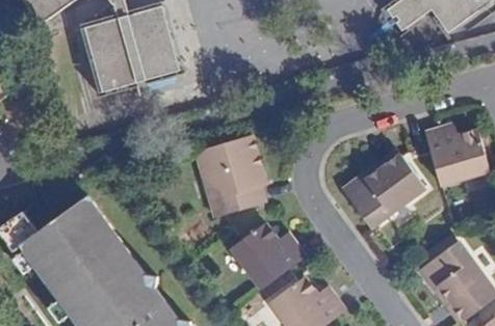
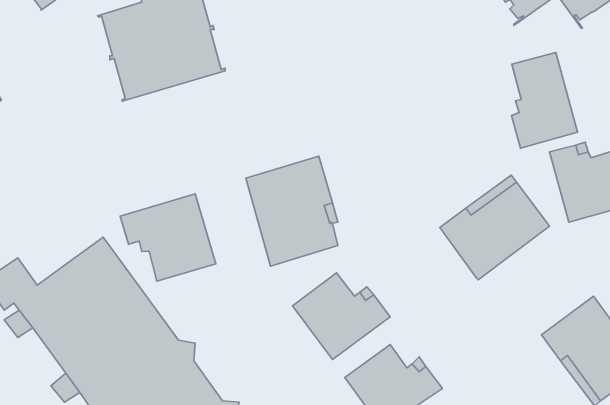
building: none -> [511,53,578,148]
building: none -> [120,194,216,281]

